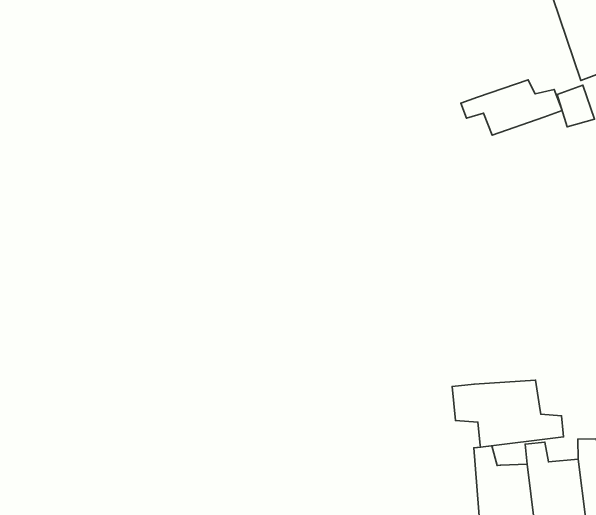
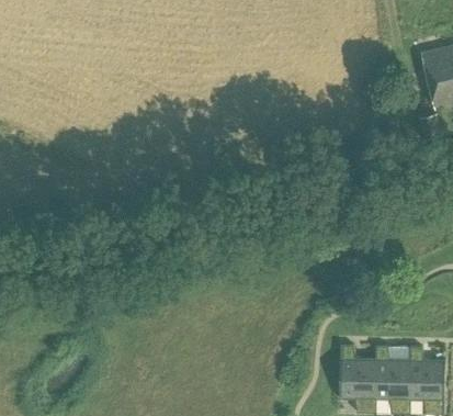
building: [461,80,562,135] -> none
building: [452,380,564,447] -> none

